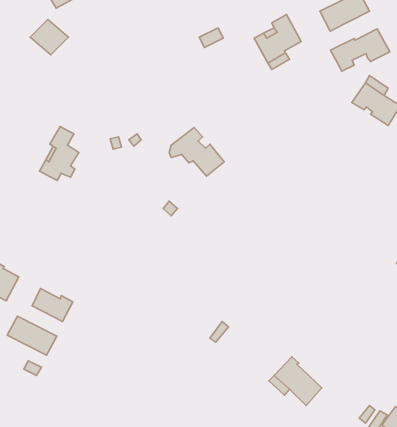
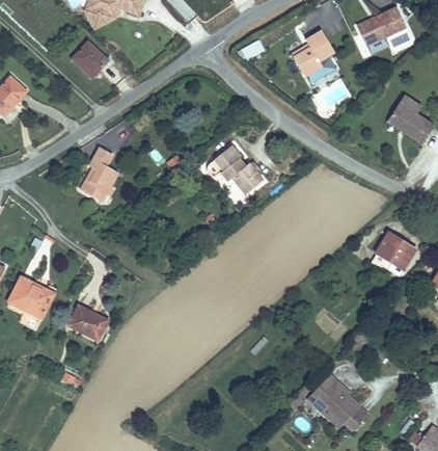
building: [330,29,390,71] -> none
building: none -> [377,233,416,268]
building: [7,316,57,355] -> none

